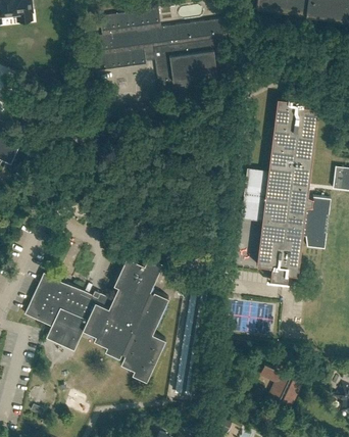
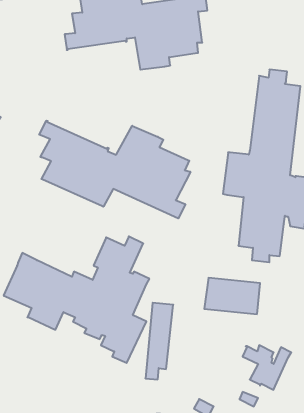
building: none -> [39,121,190,218]

